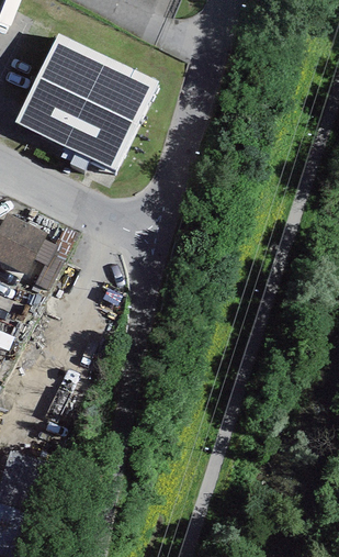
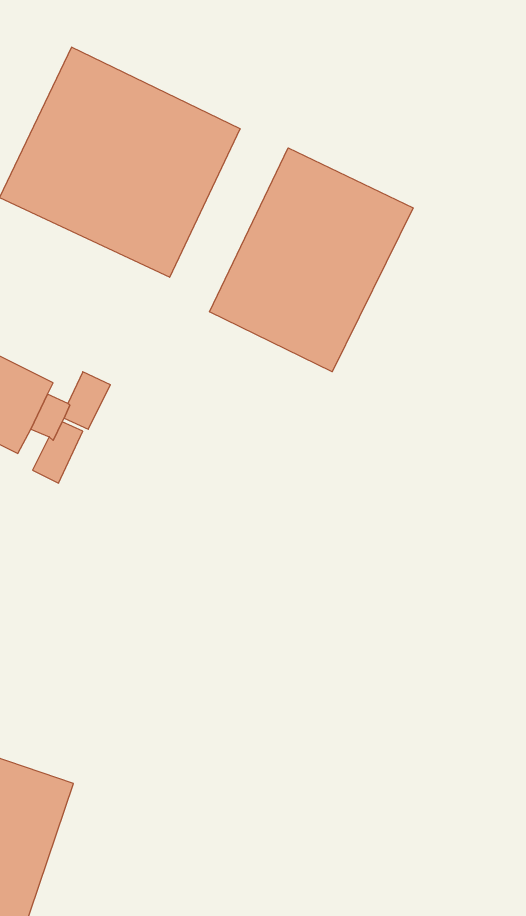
building: none -> [210,148,413,372]

